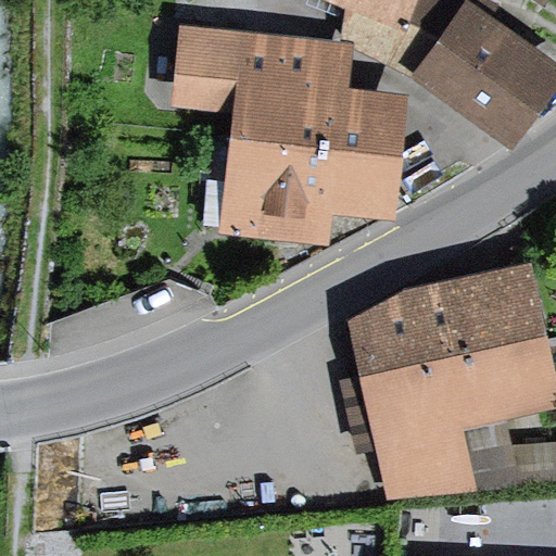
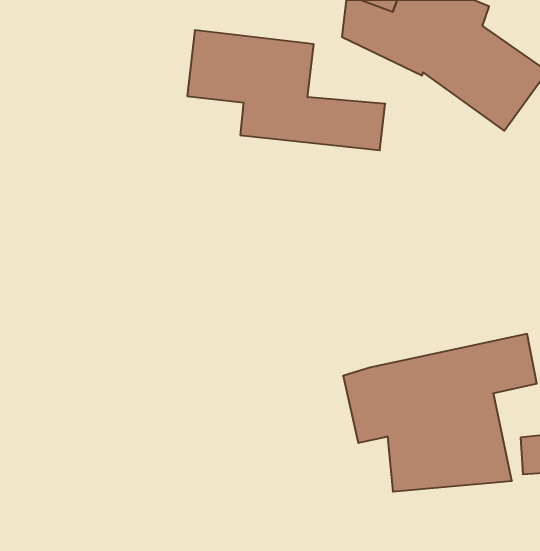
building: [224,136,394,236] -> none
building: [374,282,542,370] -> none

